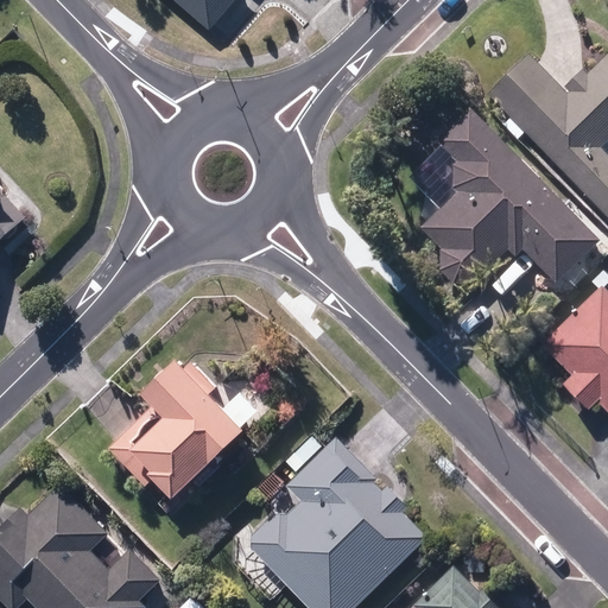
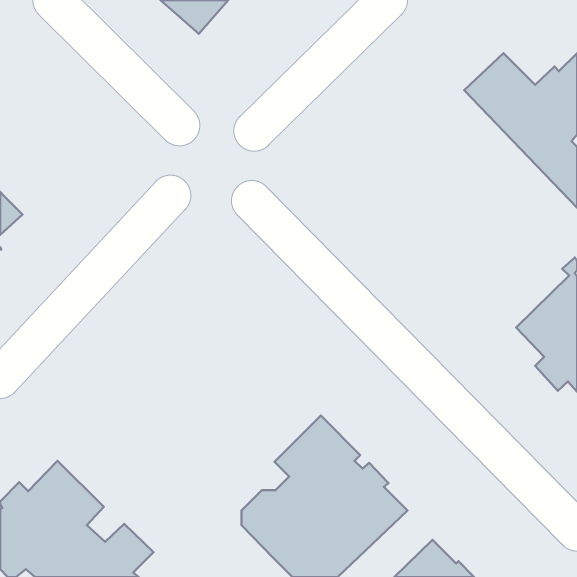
building: [422,109,600,283] -> none
building: [112,359,258,498] -> none

